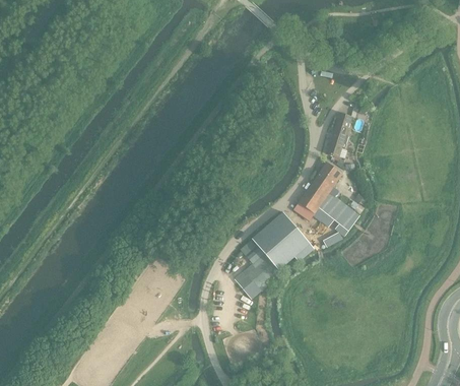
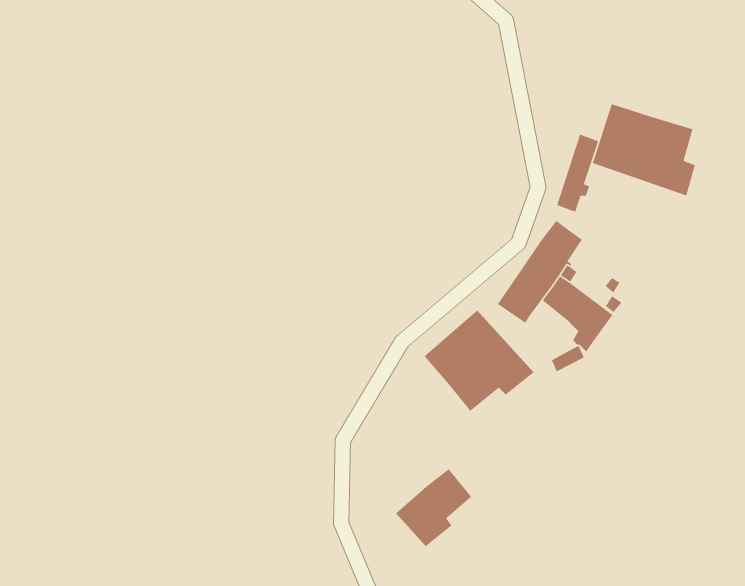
building: none -> [592,103,696,197]
building: [234,253,277,298] -> [395,468,472,547]

